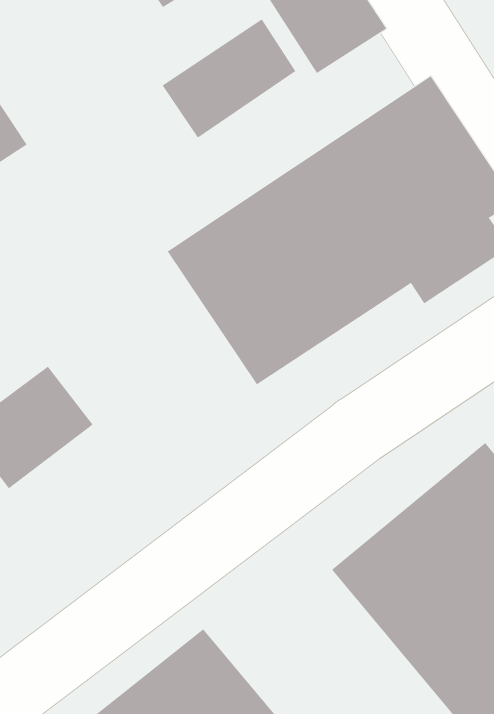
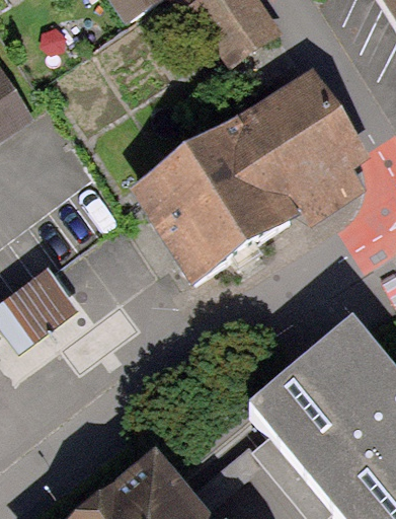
building: [162,18,296,138] -> none

